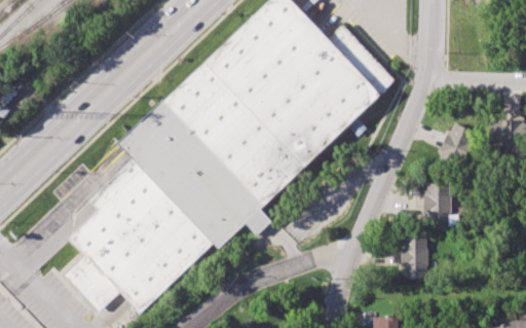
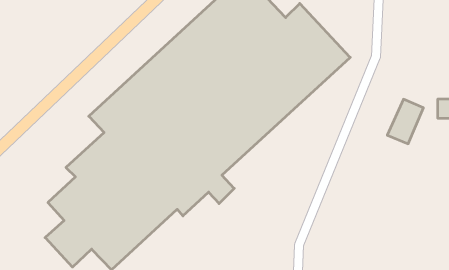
building: [426,184,450,229] -> none
building: [404,238,425,281] -> none

